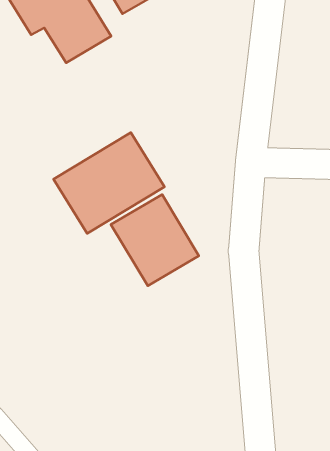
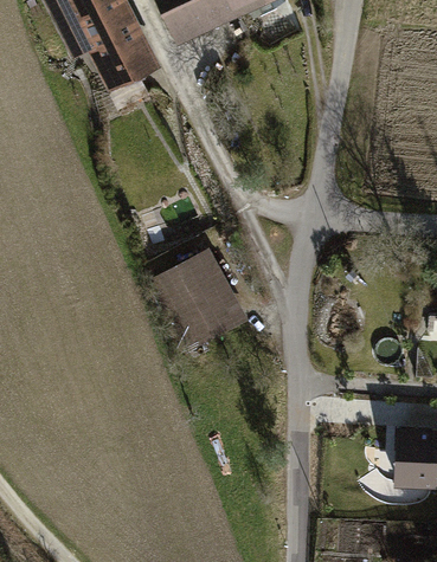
building: [54,132,165,233] -> none

